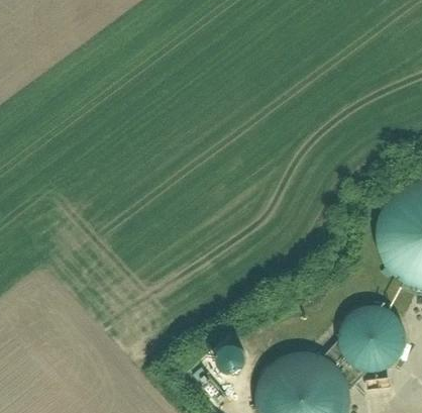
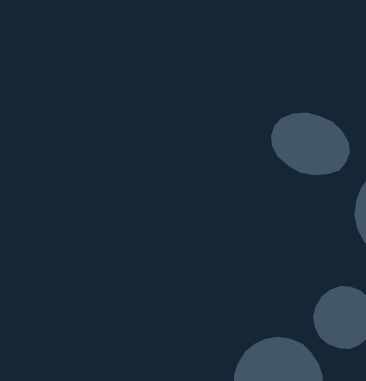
building: none -> [270,112,350,176]

